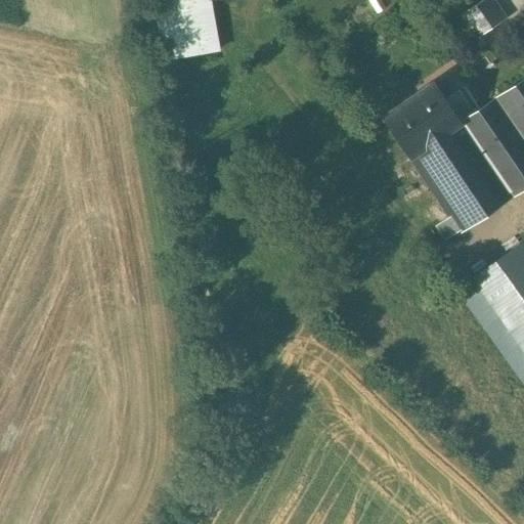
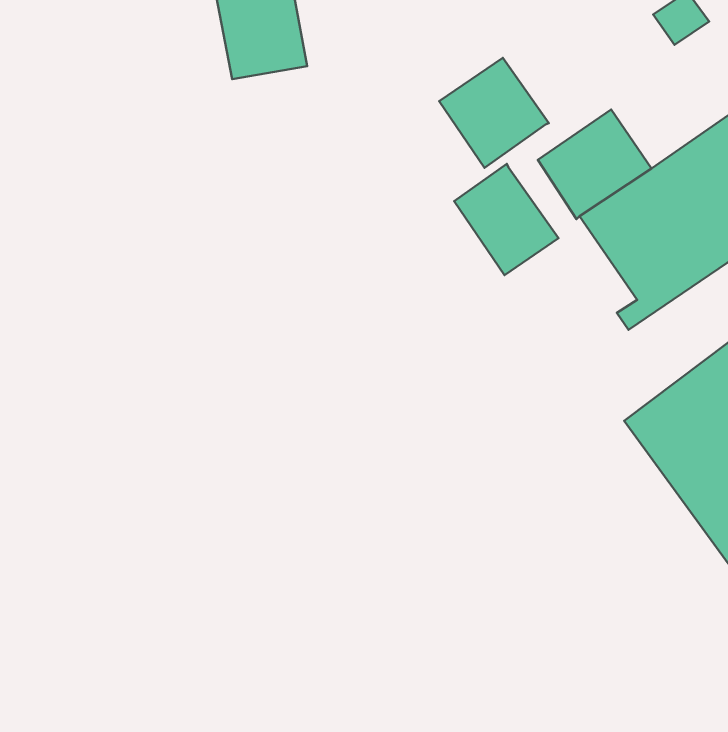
building: none -> [439,58,549,168]
building: none -> [454,164,558,275]

